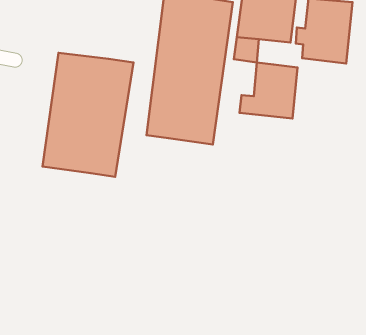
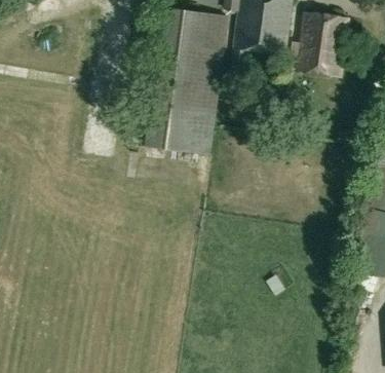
building: [43,53,134,177] -> none
building: [239,62,298,118] -> none

